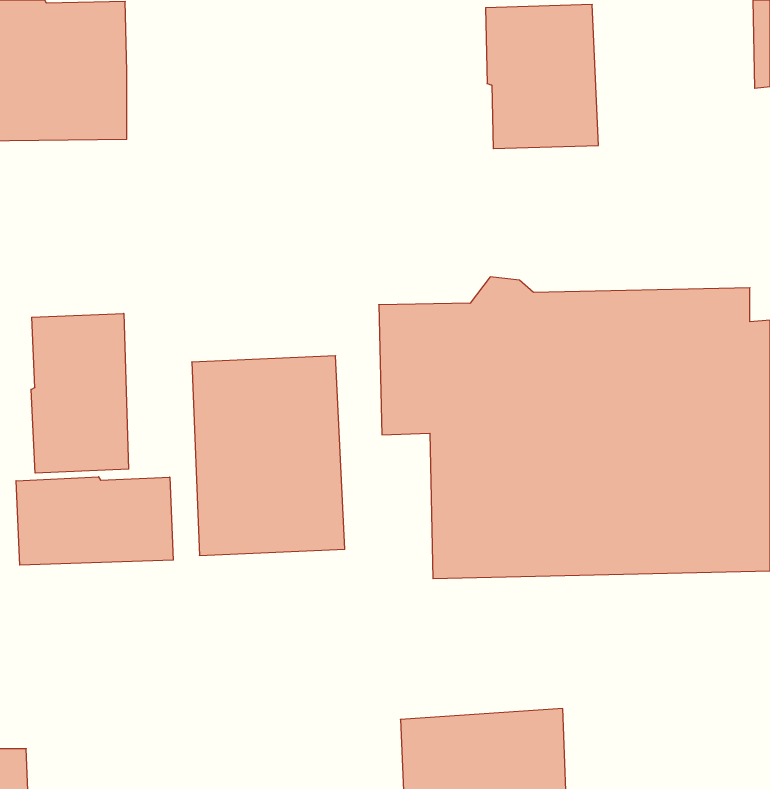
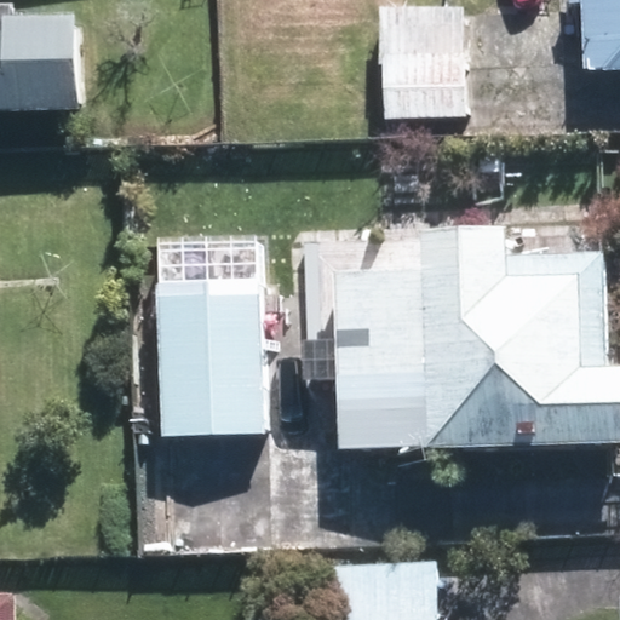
building: [31,313,129,473] -> none
building: [16,477,173,565] -> none

